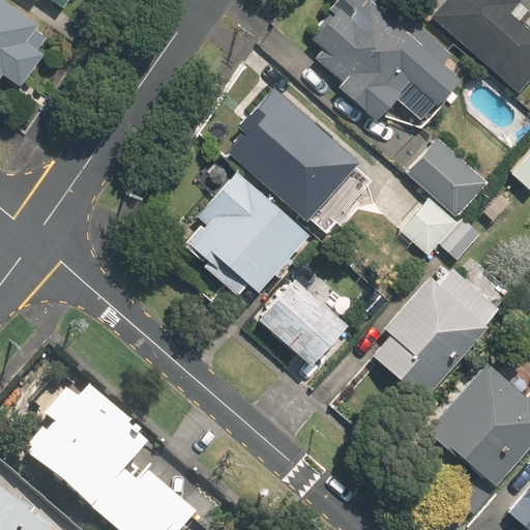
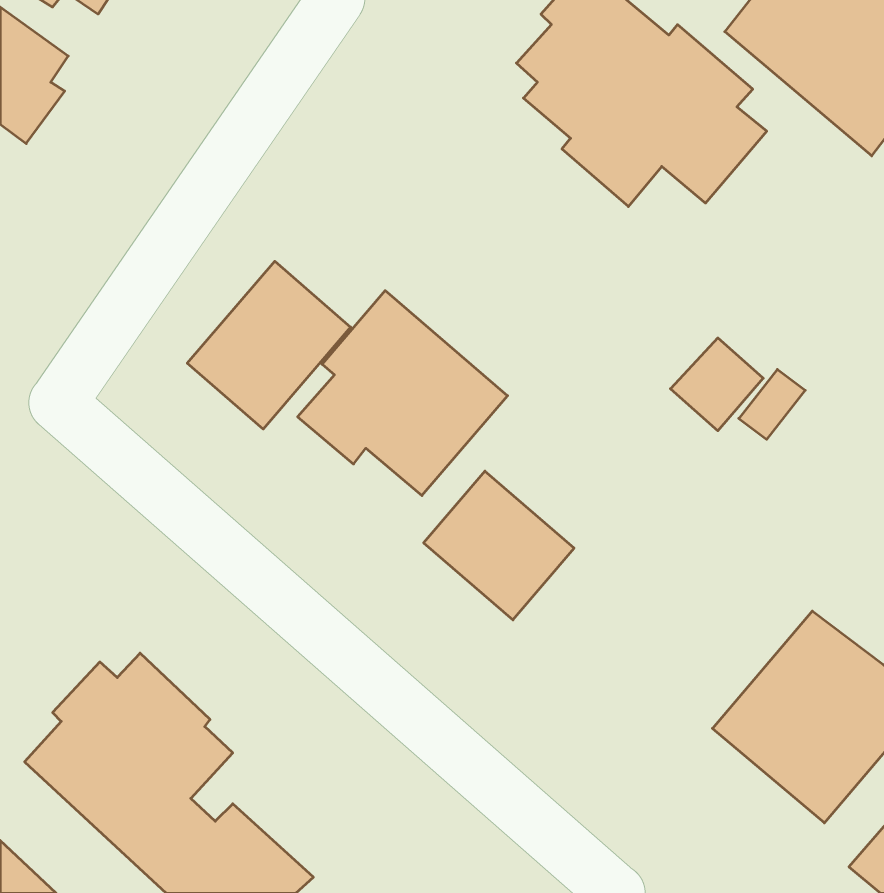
building: [228,89,360,222] -> none
building: [410,138,489,215] -> none
building: none -> [187,261,351,429]
building: [370,269,498,399] -> none

